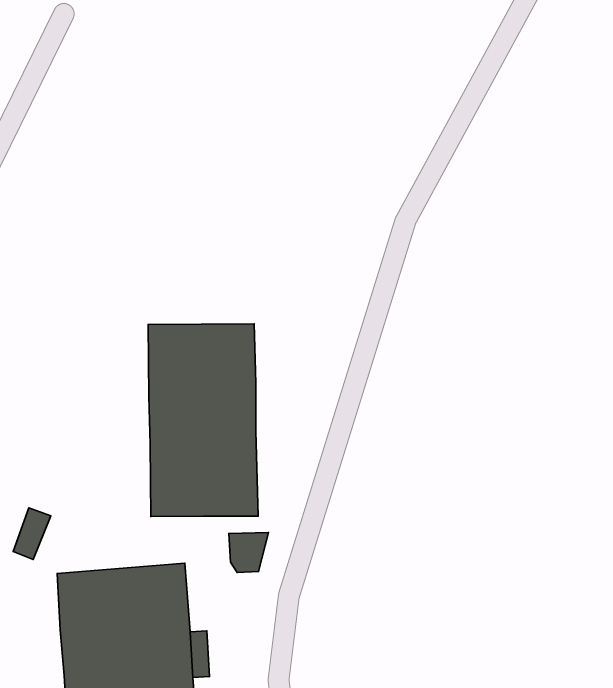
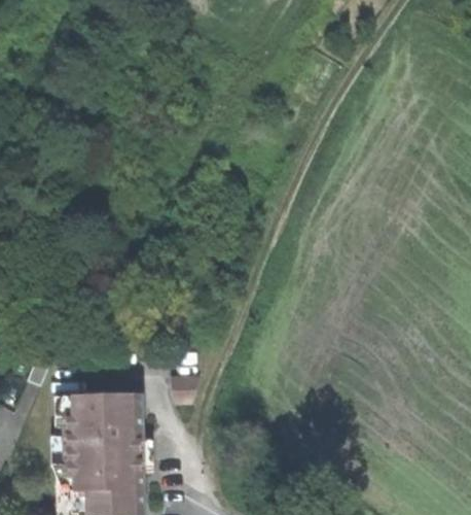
building: [148,324,258,517] -> none

